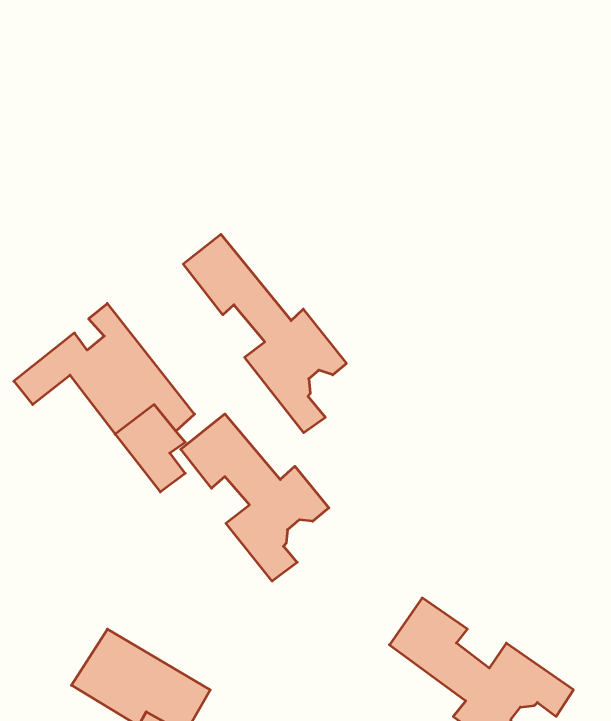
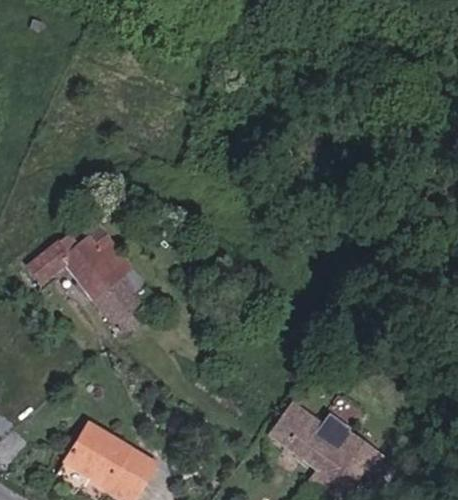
building: [183,234,346,433] -> none
building: [181,414,329,581] -> none

